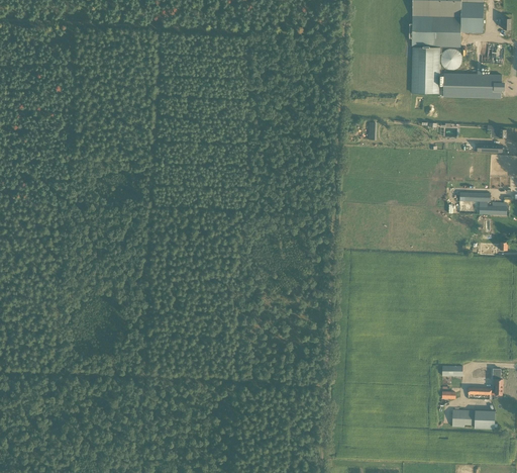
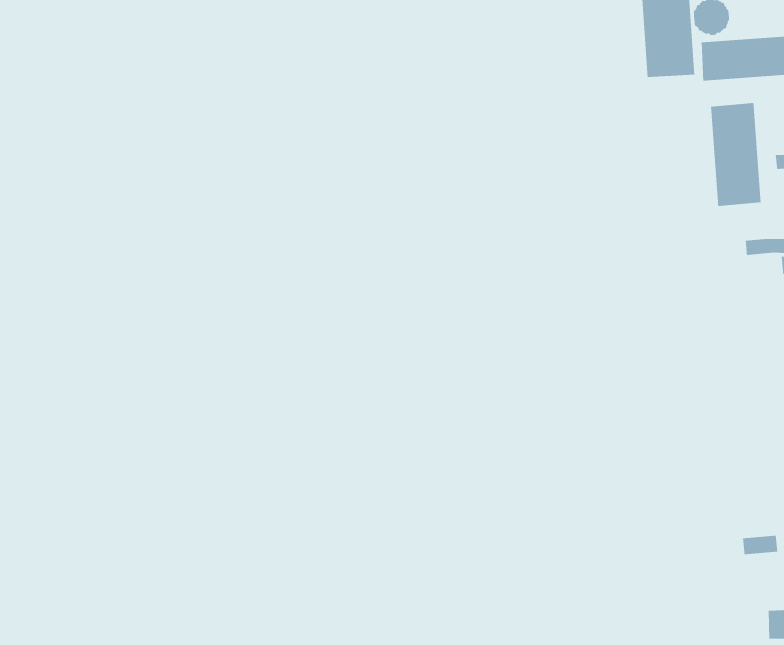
building: none -> [710,102,761,207]

